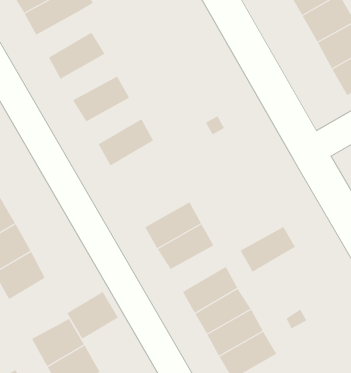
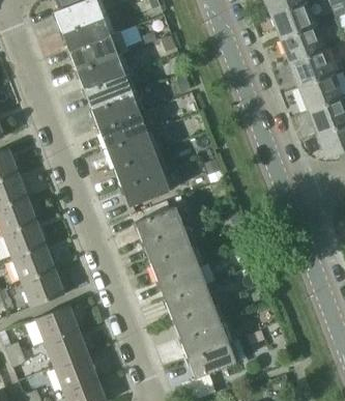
building: none -> [77,55,123,89]
building: none -> [91,93,139,127]
building: none -> [107,133,153,167]
building: none -> [121,171,169,206]
building: none -> [135,206,182,241]
building: [240,226,296,273] -> [157,265,204,299]
building: [66,291,119,340] -> [21,270,63,308]

